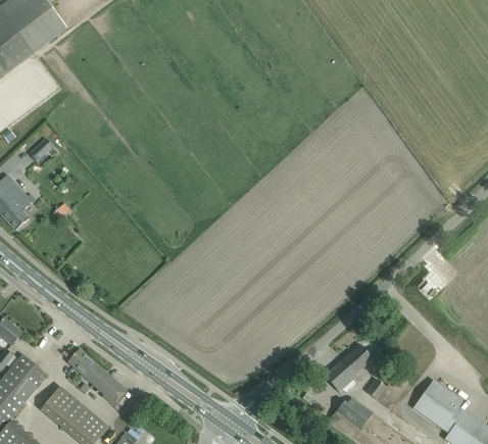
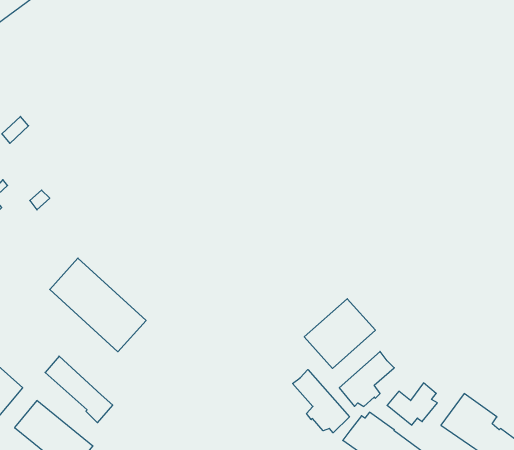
building: none -> [50,258,146,352]
building: none -> [304,299,375,368]
building: none -> [293,370,349,433]

